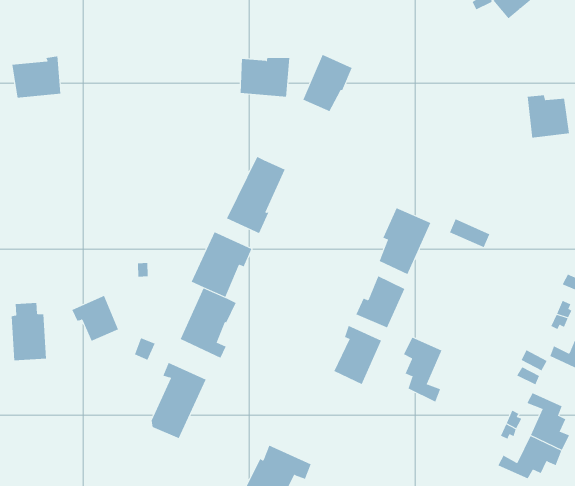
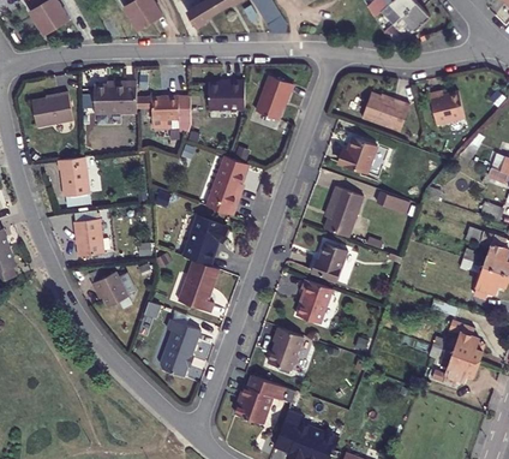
building: none -> [94,82,137,114]
building: none -> [152,97,191,133]
building: none -> [359,94,407,132]
building: none -> [58,159,90,199]
building: none -> [339,141,375,175]
building: [11,303,47,361] -> [78,211,108,257]
building: [403,337,442,402] -> none
building: none -> [270,328,306,371]

